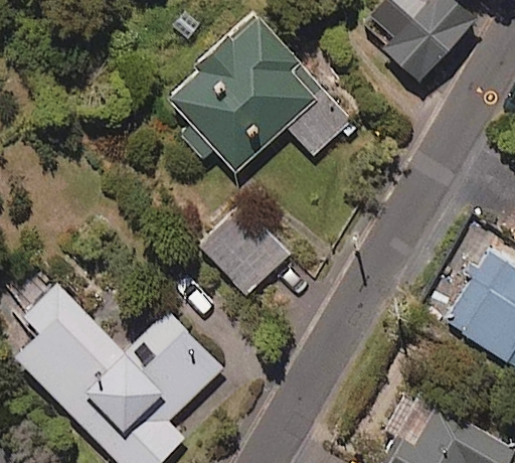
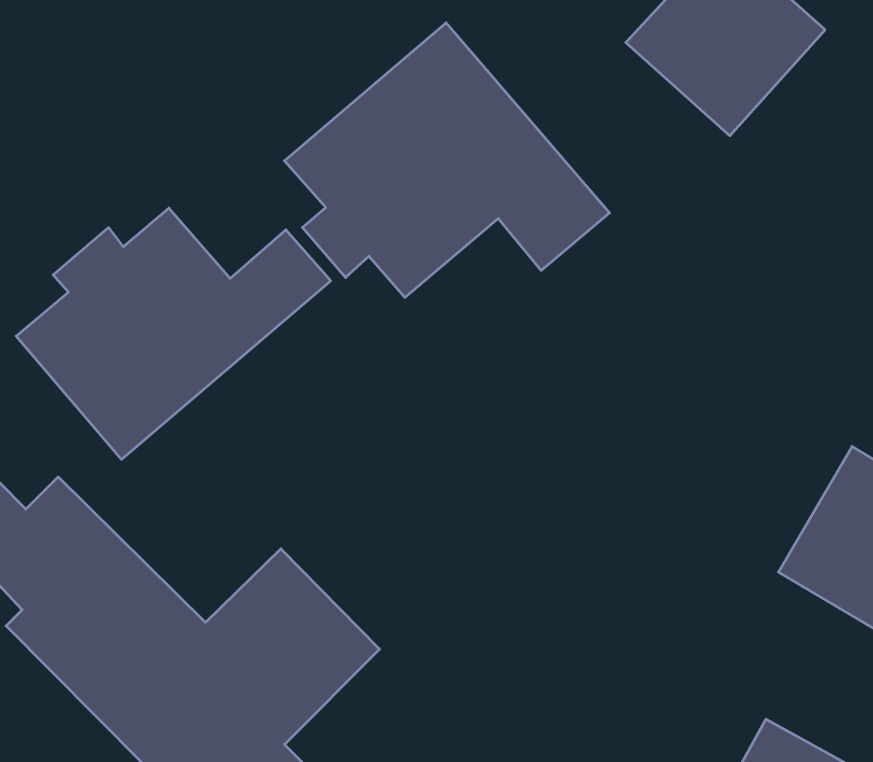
building: none -> [16,208,331,459]
building: [200,204,290,294] -> none

